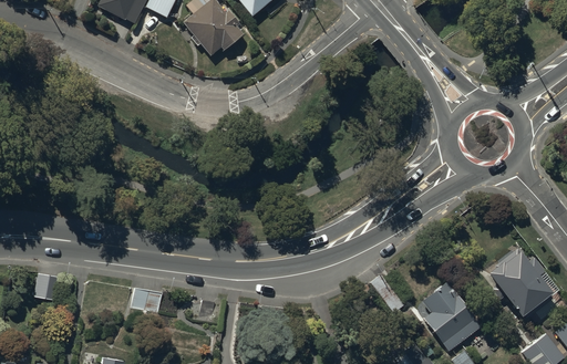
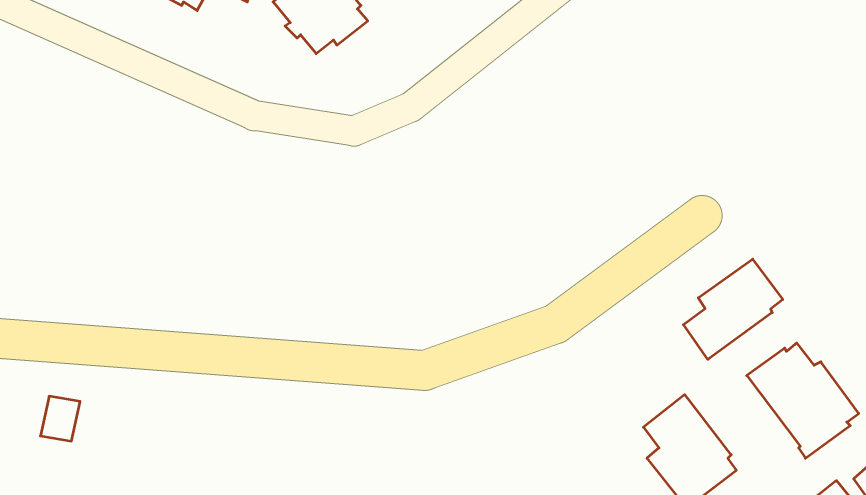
building: none -> [683,259,783,359]

